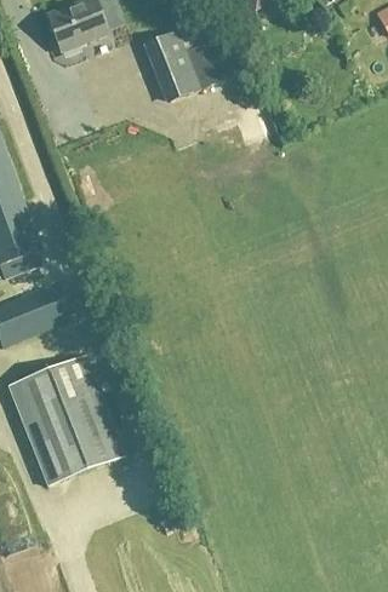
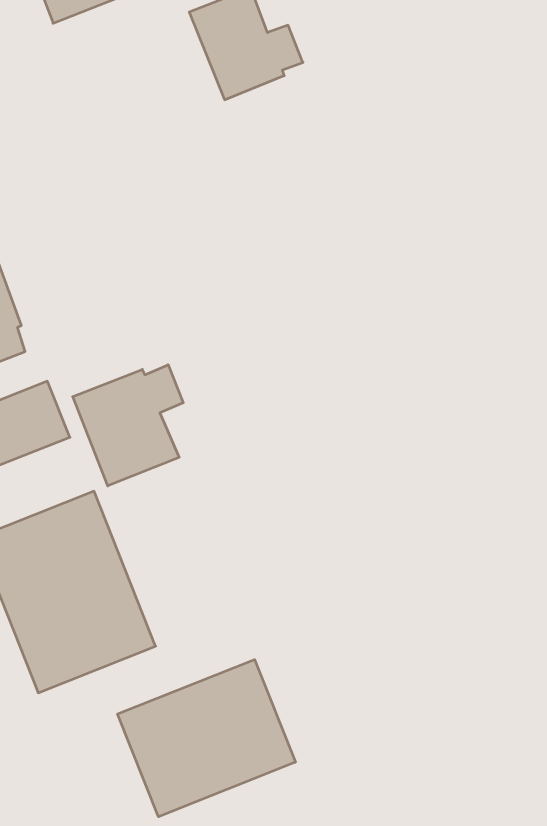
building: none -> [73,365,183,486]
building: none -> [118,660,295,817]

